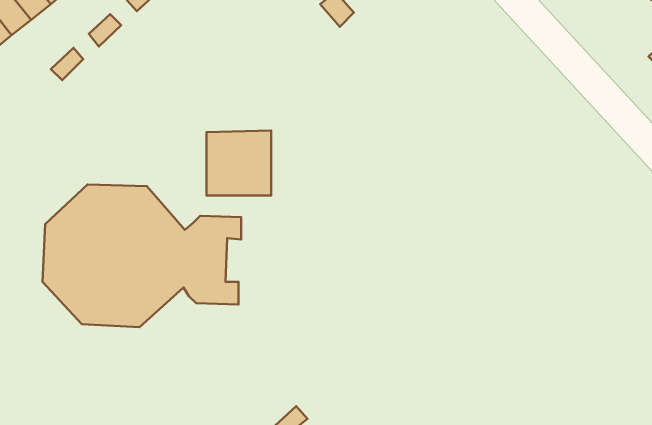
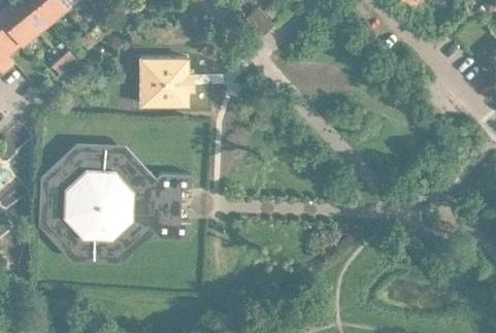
building: [206,131,271,196] -> [139,58,187,105]

